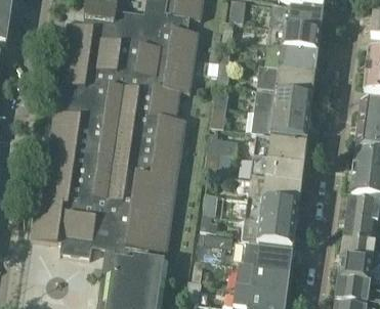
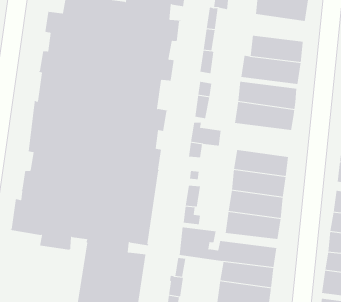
building: [268,26,321,52] -> none
building: [253,137,307,165] -> none

